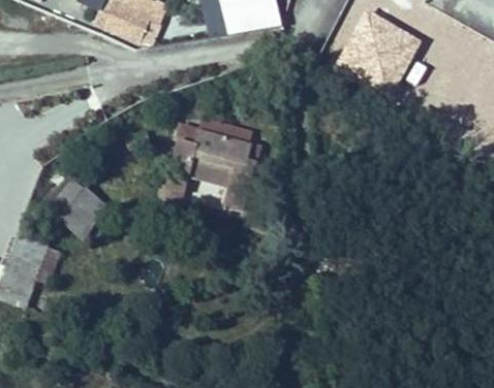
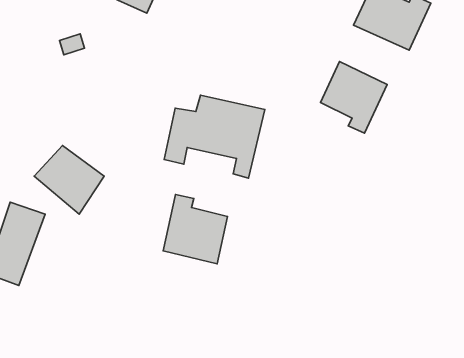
building: none -> [321,61,387,133]
building: none -> [163,195,227,264]

